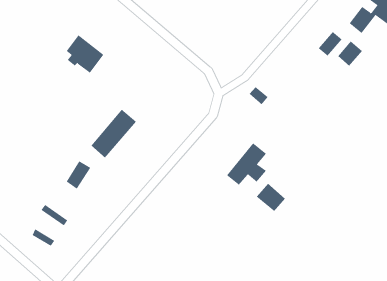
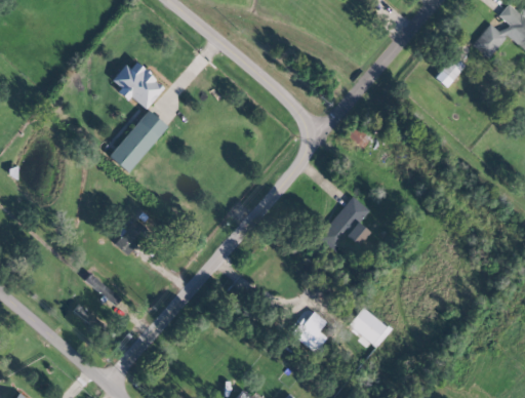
building: [338,41,363,67] -> none
building: [91,109,137,159] -> [110,110,168,172]
building: [256,183,286,212] -> [349,307,387,344]
building: none -> [293,311,329,354]

